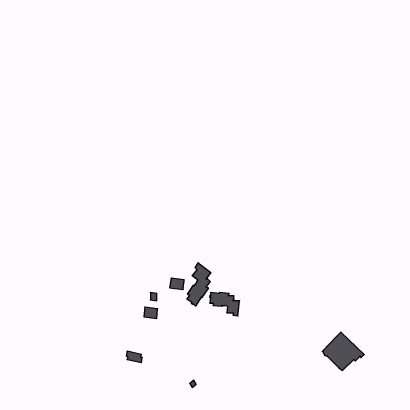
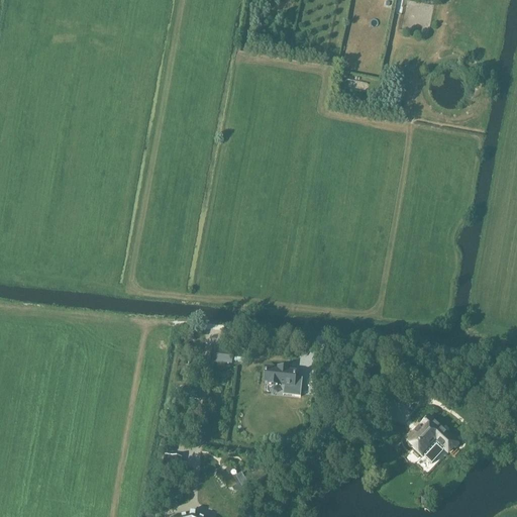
building: [187,263,211,306] -> none

